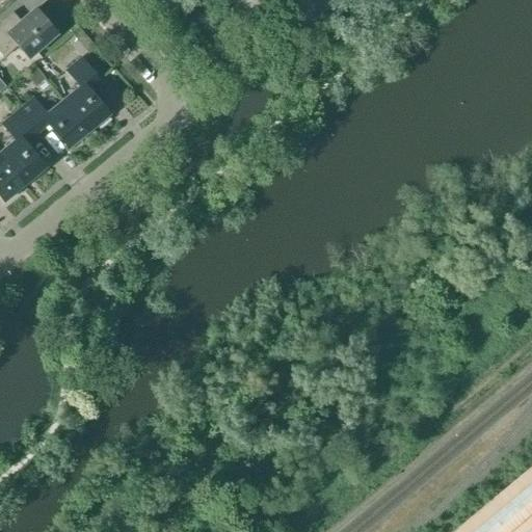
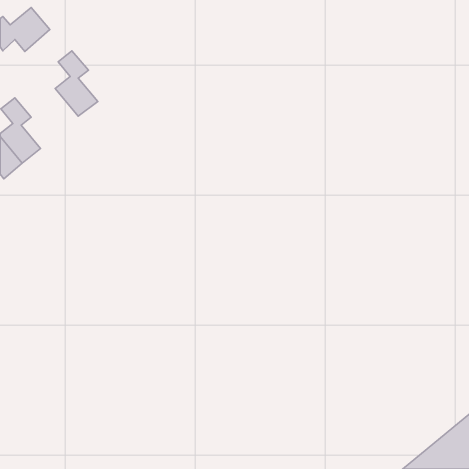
building: [19,97,90,149] -> none

